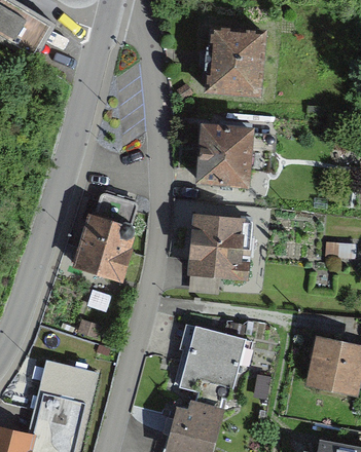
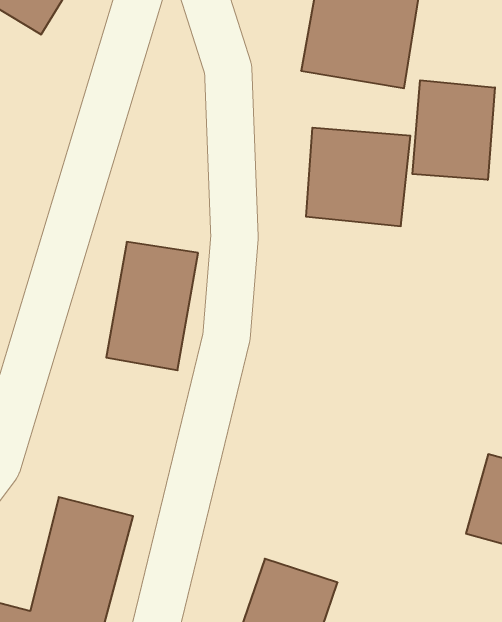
building: none -> [412,80,495,180]
building: [184,212,262,278] -> none
building: [174,324,250,398] -> none

